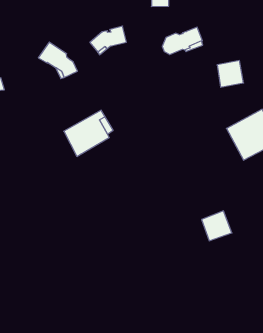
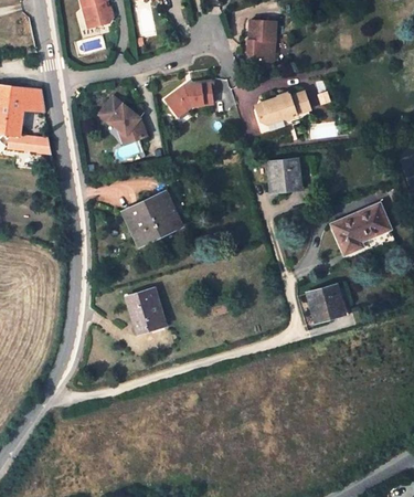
building: [217,61,244,87] -> [268,158,300,190]
building: none -> [127,287,164,332]
building: [202,211,232,241] -> [307,284,344,320]

